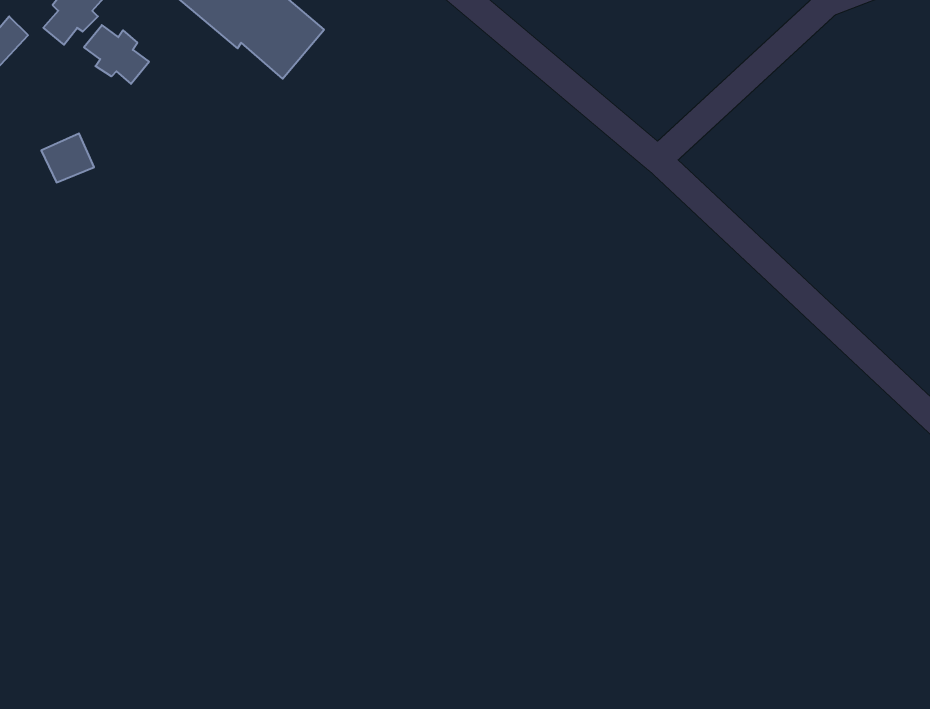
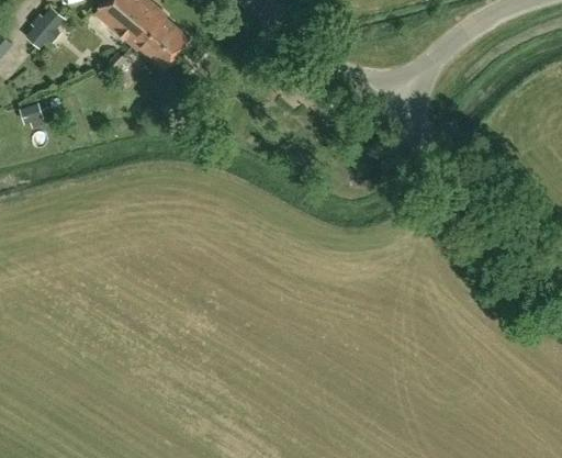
building: [84,25,149,84] -> none

